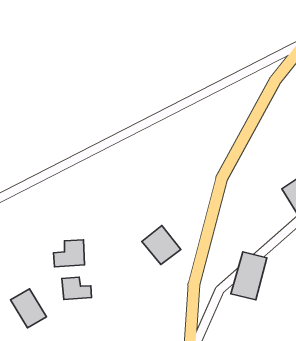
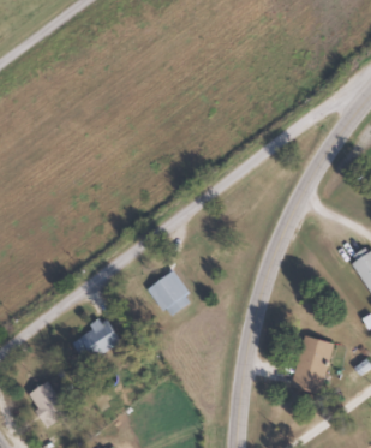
building: [142,225,181,264] -> [148,269,195,316]
building: [62,277,91,299] -> none

